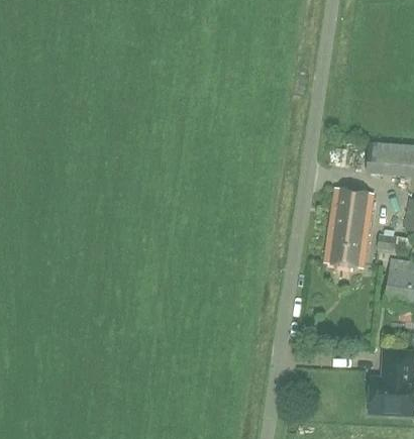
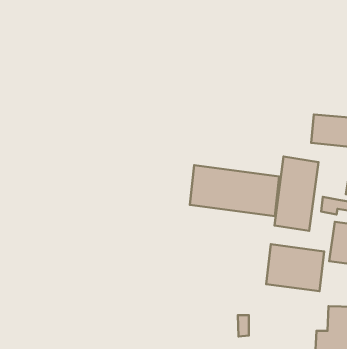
building: none -> [190,165,279,216]
building: none -> [266,244,324,291]

